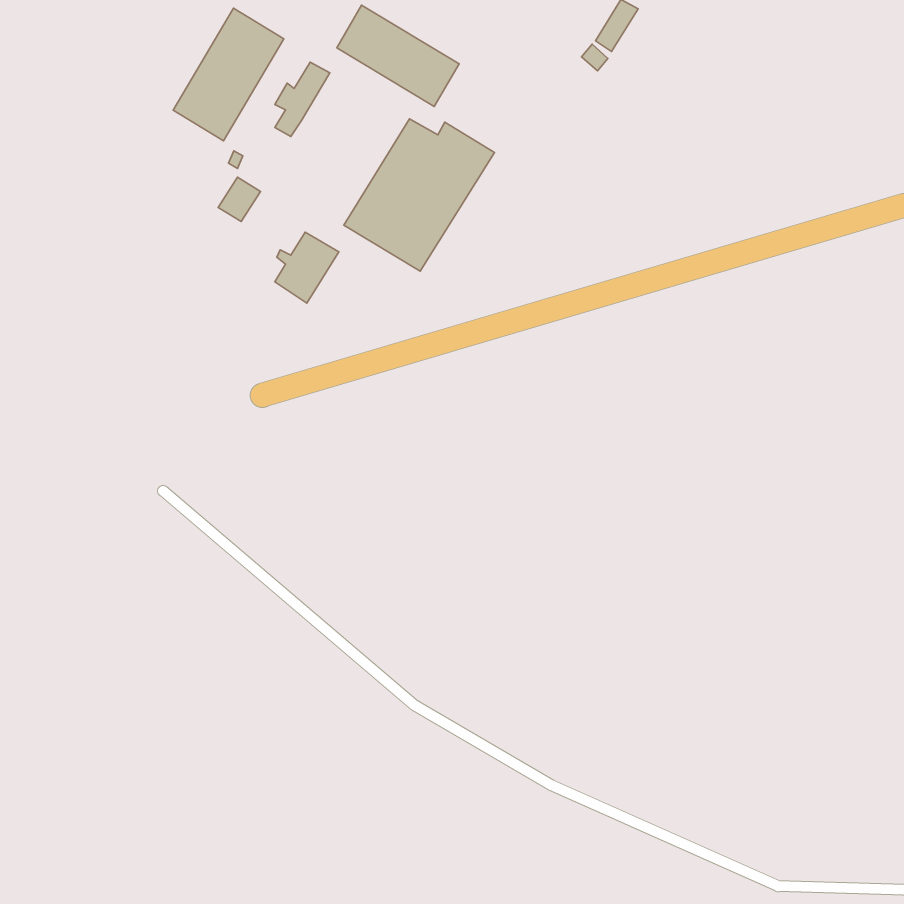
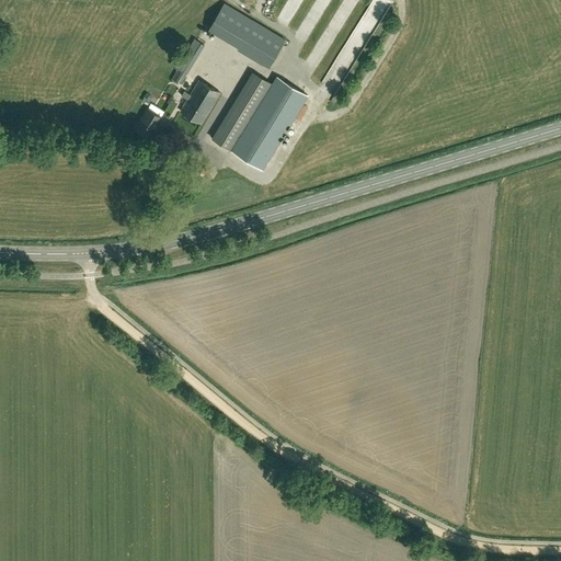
building: [173,8,284,141] -> none
building: [275,232,339,303] -> [180,81,219,125]

